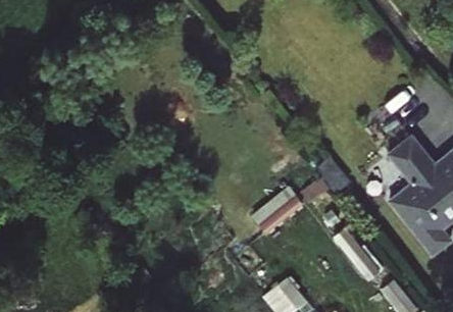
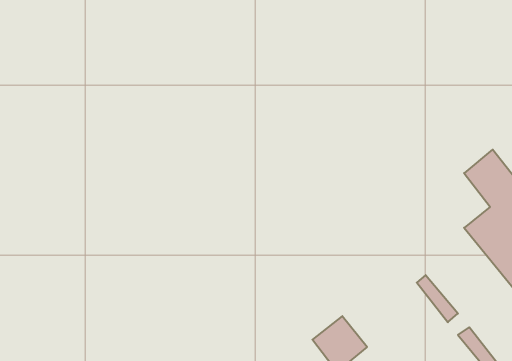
building: [253,181,305,231] -> none

